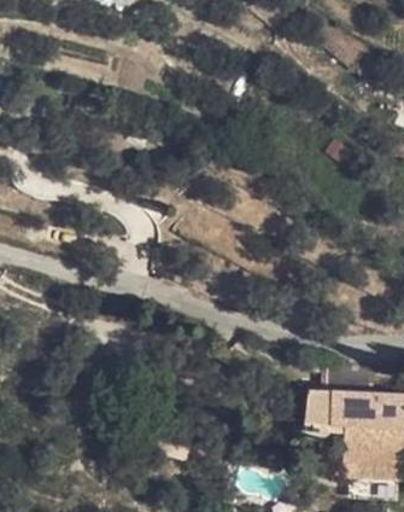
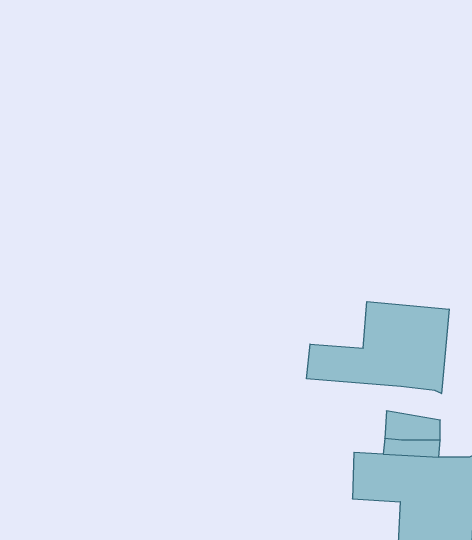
building: none -> [307,302,449,394]

